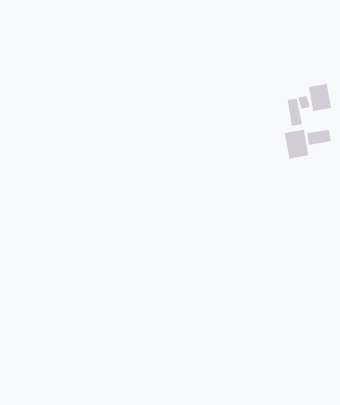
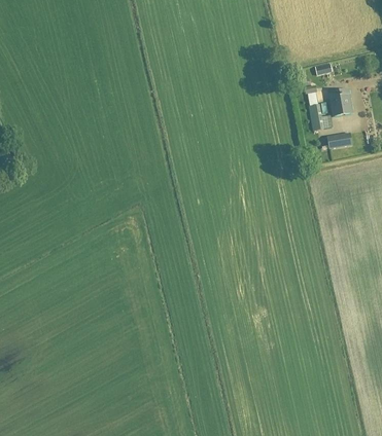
building: [284,129,309,159] -> none

